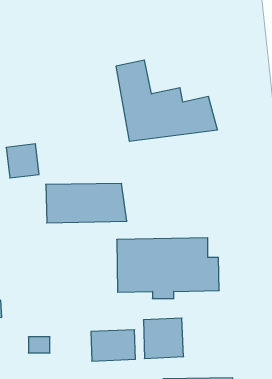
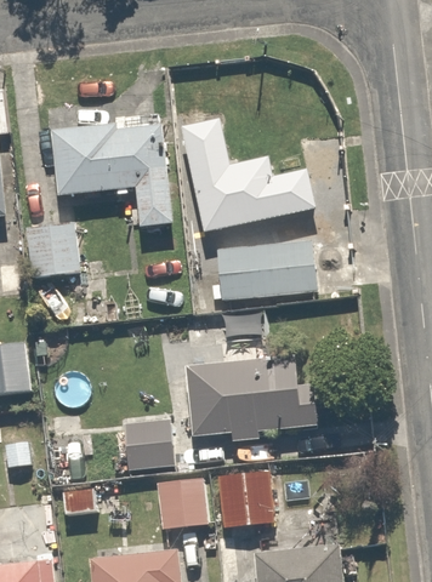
building: none -> [50,125,172,227]
building: [46,184,127,223] -> [209,246,319,299]
building: none -> [123,422,174,470]

